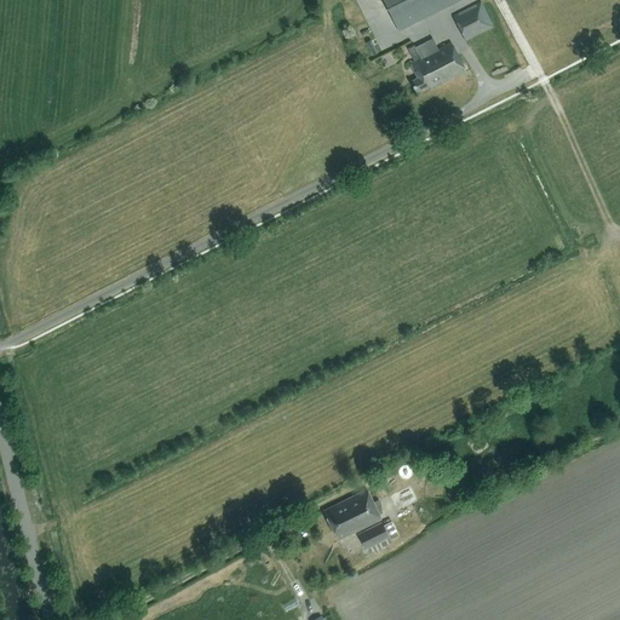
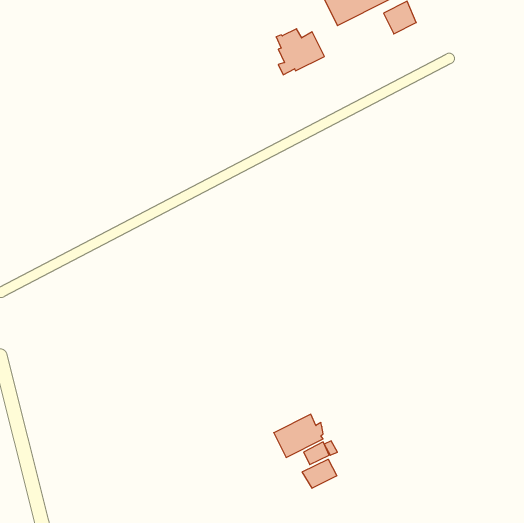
building: [408,38,465,92] -> [276,29,324,75]
building: none -> [302,459,337,488]

